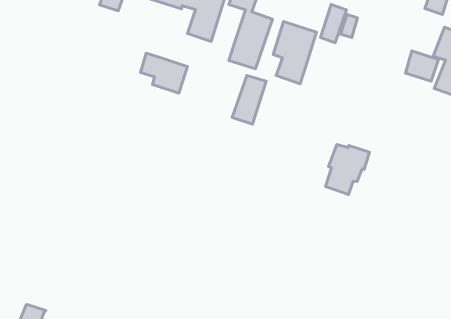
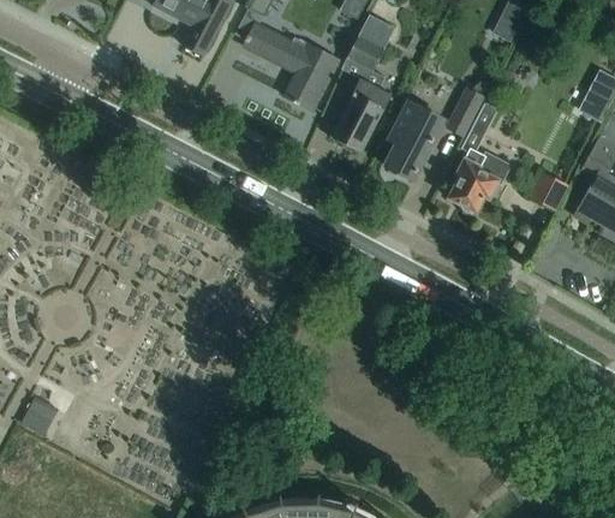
building: [140,53,187,93] -> none
building: [232,75,266,124] -> none
building: [326,144,369,195] -> [449,149,509,213]

